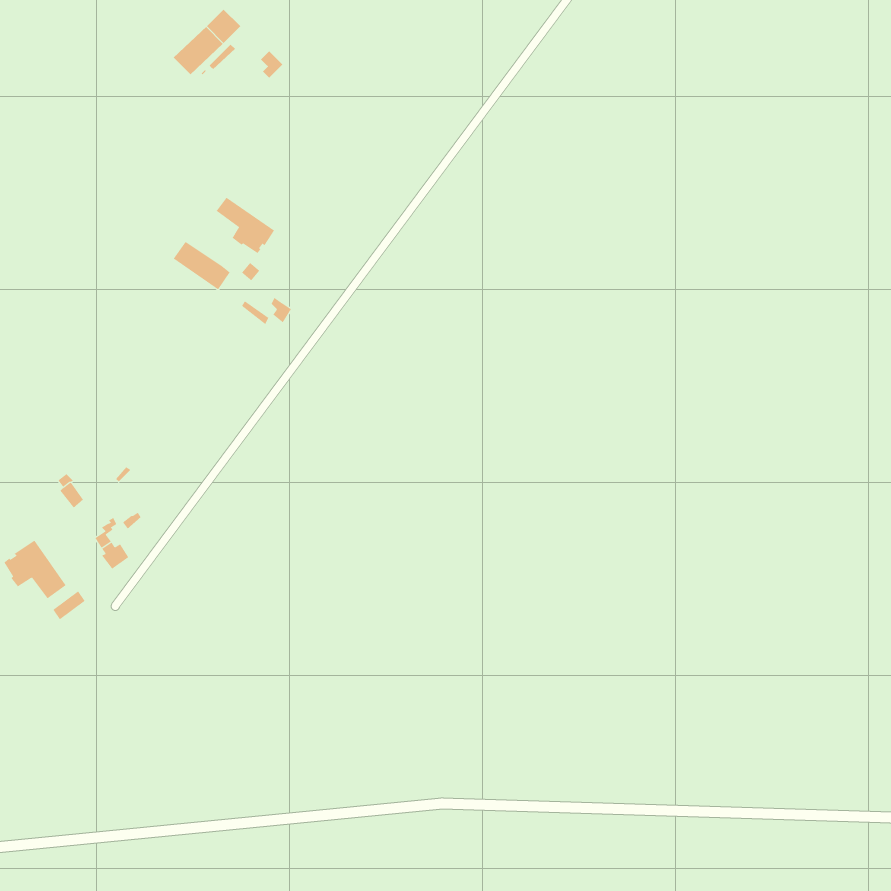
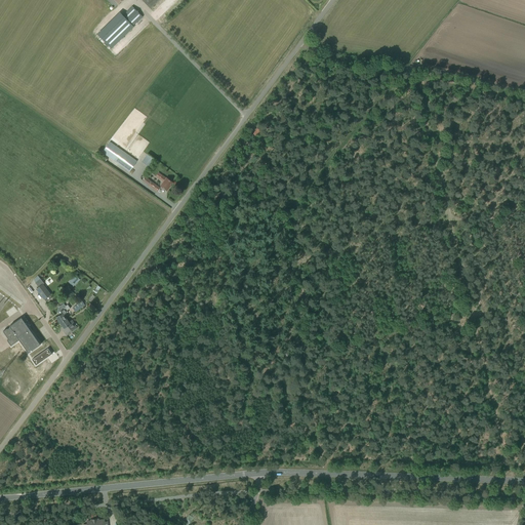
building: [216,197,275,254] -> none

